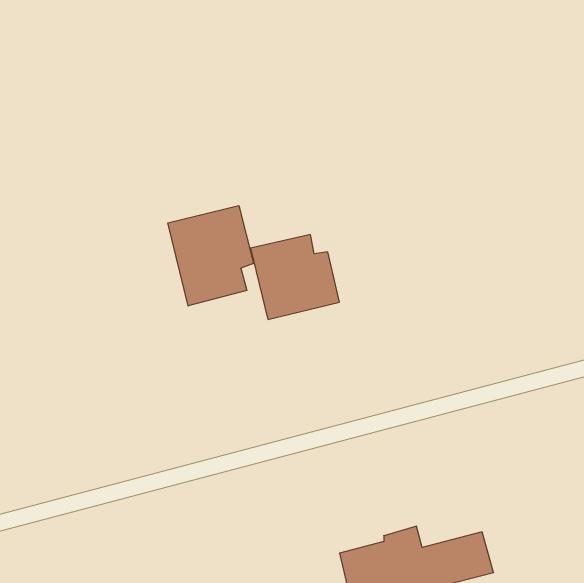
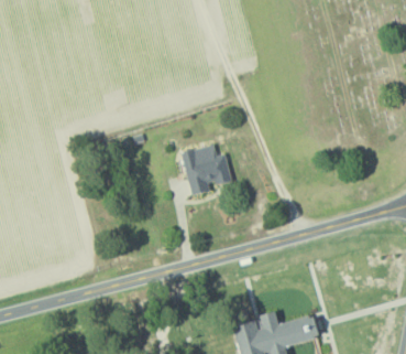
building: [168,206,254,306] -> none

